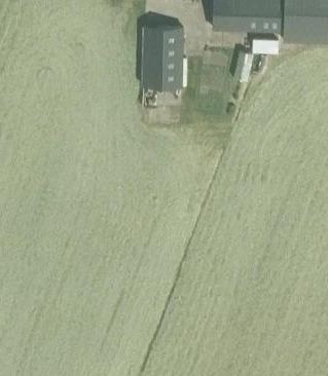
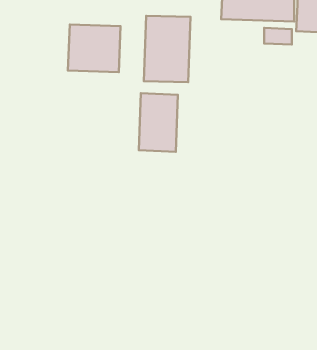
building: none -> [68,25,121,72]
building: none -> [139,93,178,152]

